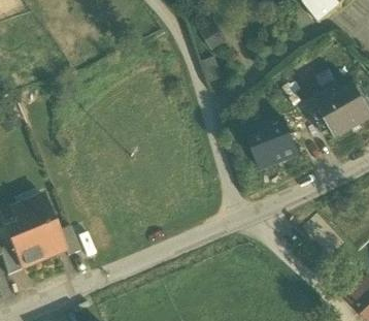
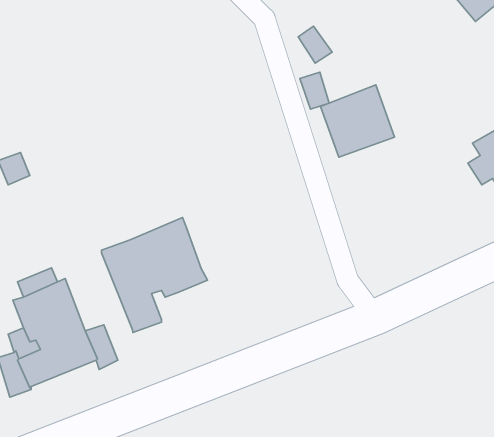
building: [249,120,299,168] -> [320,85,394,157]
building: none -> [101,218,207,332]

